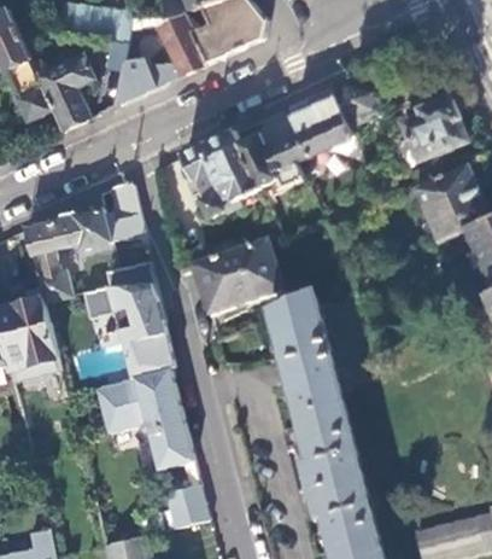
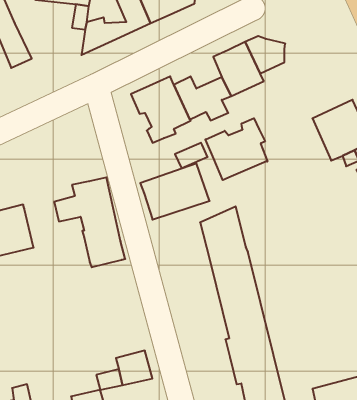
building: [31,54,94,130] -> none
building: [404,98,465,161] -> none
building: [25,182,144,302] -> none
building: none -> [205,118,267,180]
building: [93,368,193,471] -> none

